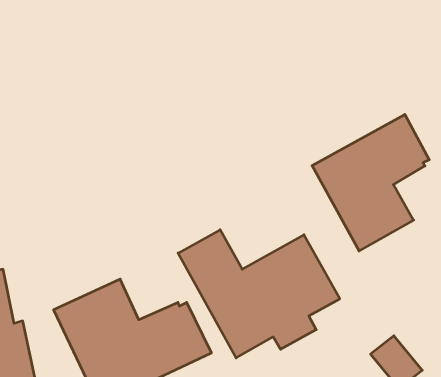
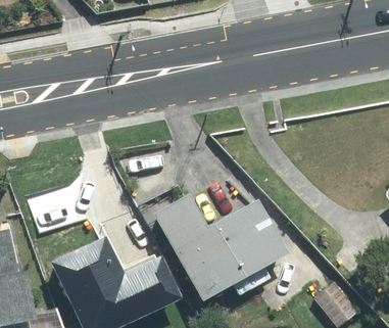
building: [312,114,429,251] -> none

